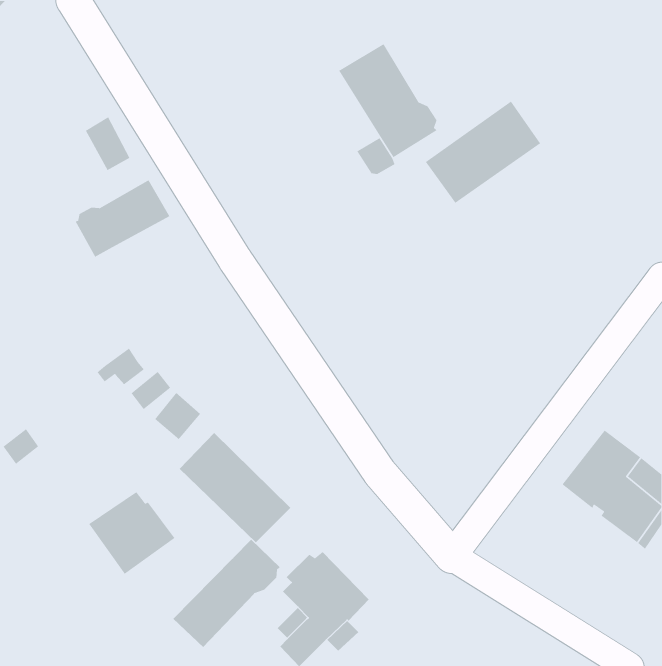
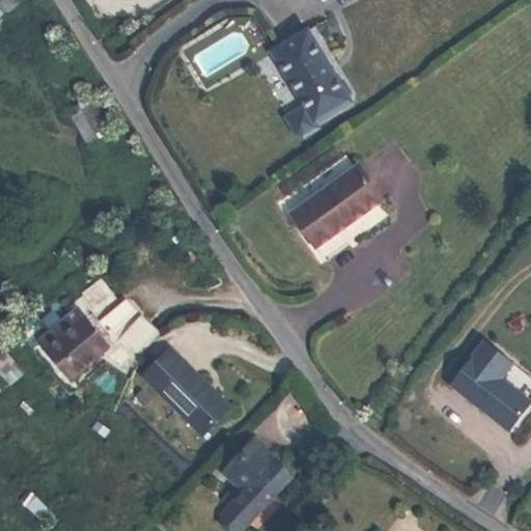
building: [425,101,541,204] -> [288,168,381,250]
building: [74,179,170,258] -> none
building: [88,491,176,575] -> [38,307,108,373]
building: [172,539,281,648] -> none

